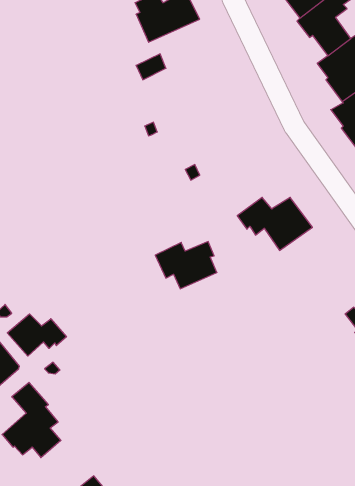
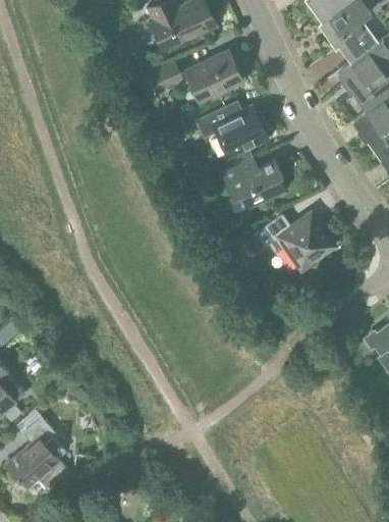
building: none -> [184,51,241,100]
building: none -> [197,106,266,154]
building: [155,242,217,289] -> [219,159,284,209]
building: [7,314,66,356] -> none

